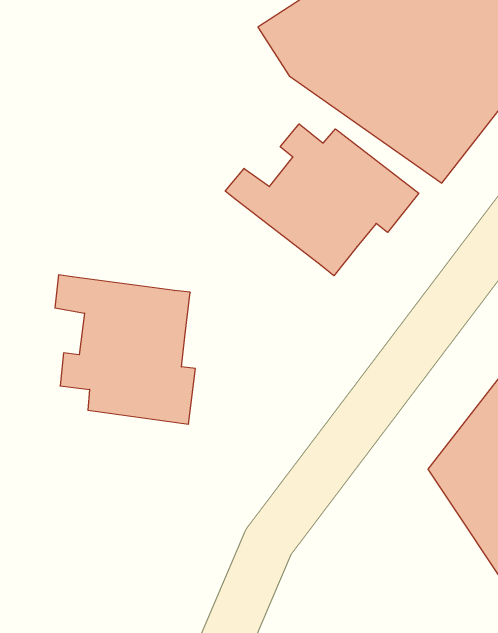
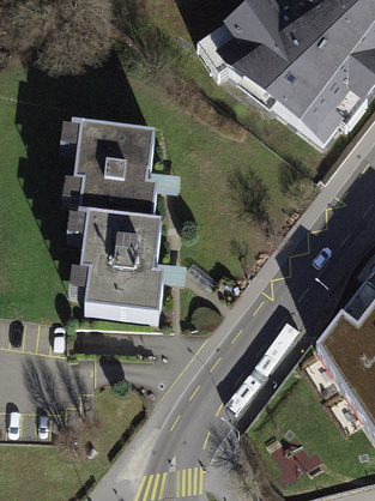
building: [225,124,419,276] -> none
building: none -> [54,117,149,219]

